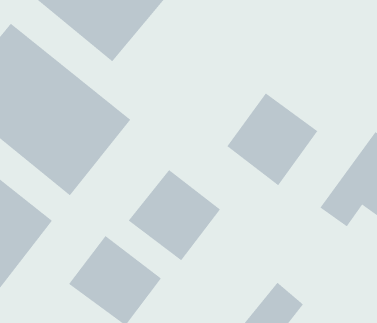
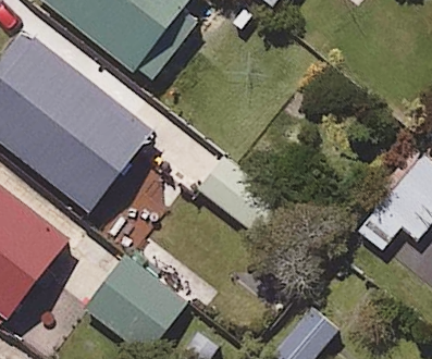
building: [227,93,318,186] -> none
building: [128,169,221,261] -> none

